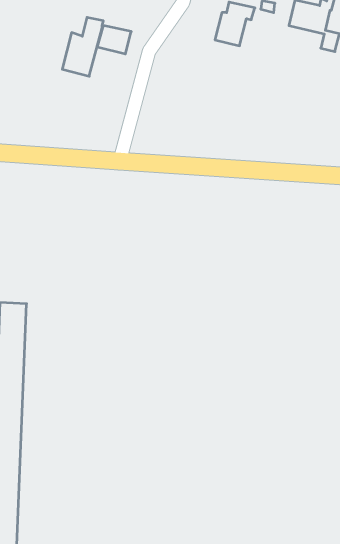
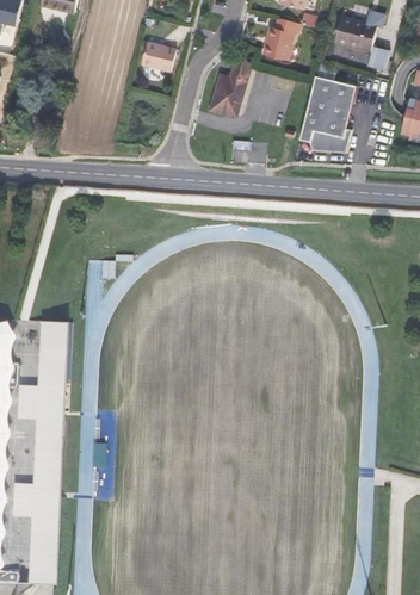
building: [62,17,103,76] -> [210,56,252,116]
building: none -> [298,74,354,151]

